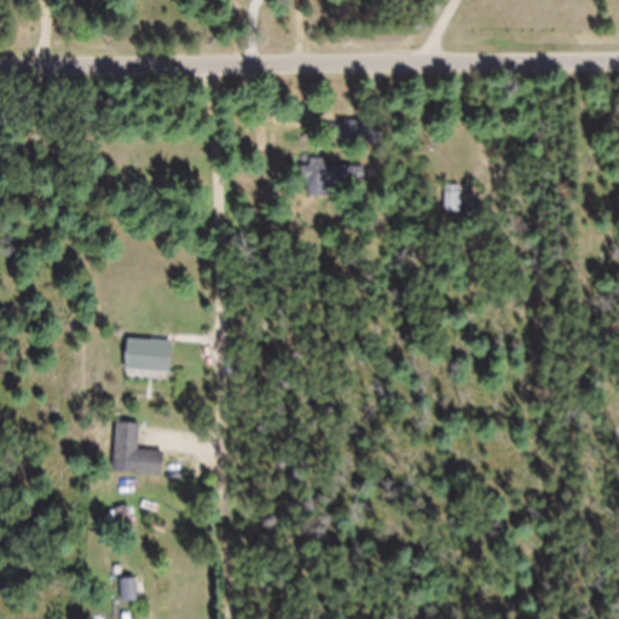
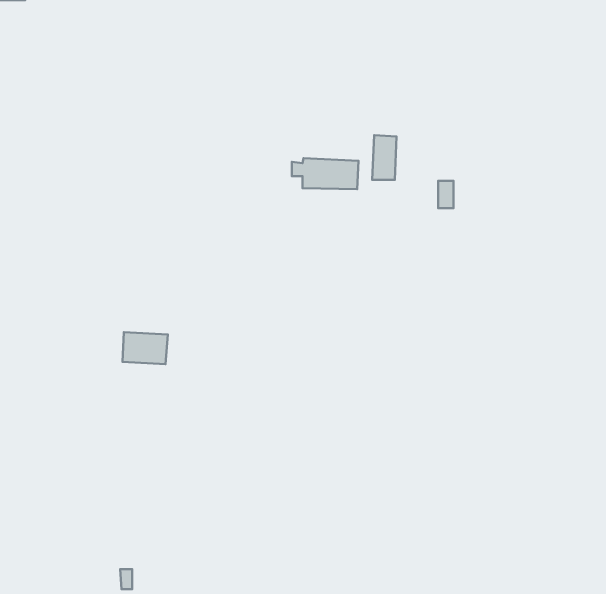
building: none -> [372,135,397,180]
building: [112,421,162,474] -> none

